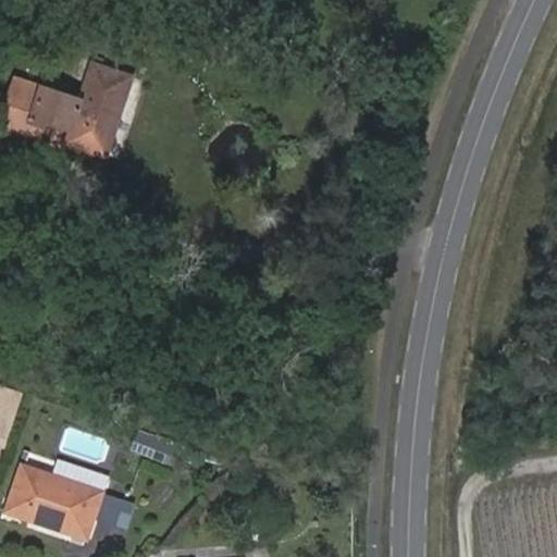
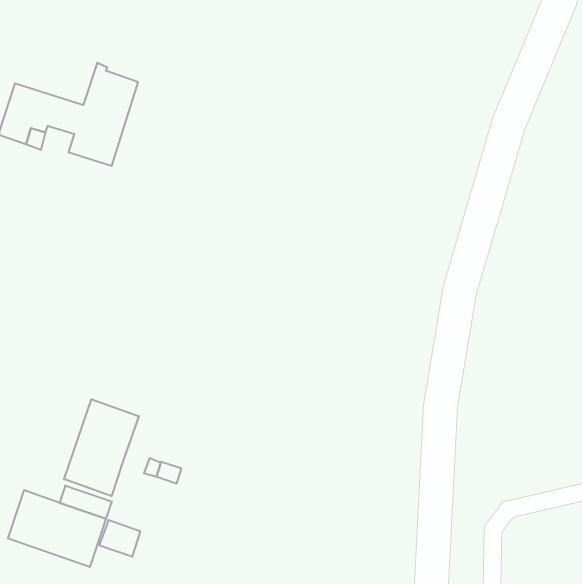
building: none -> [64,399,139,496]

